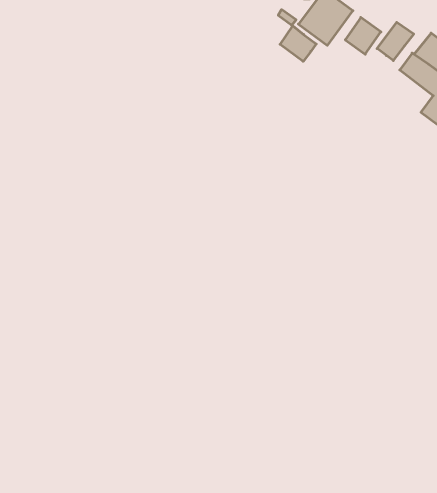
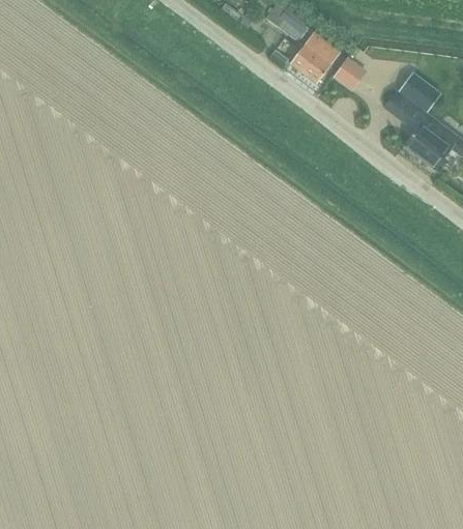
building: [377,22,414,61] -> none
building: [280,26,316,61] -> none

